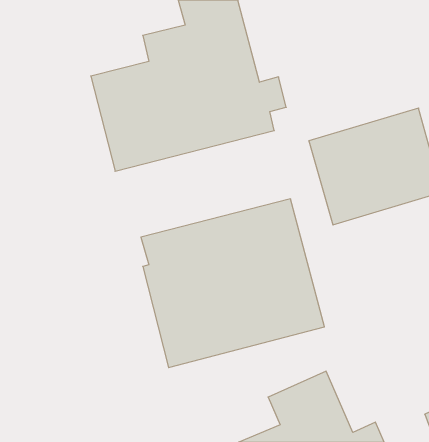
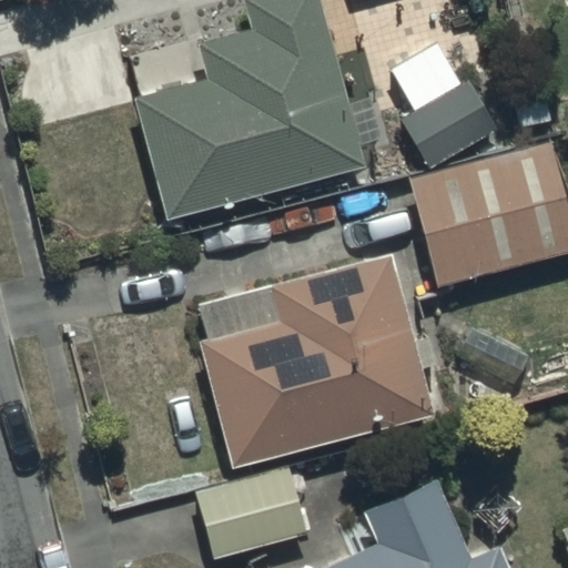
building: none -> [393,43,507,169]
building: none -> [196,467,312,559]

